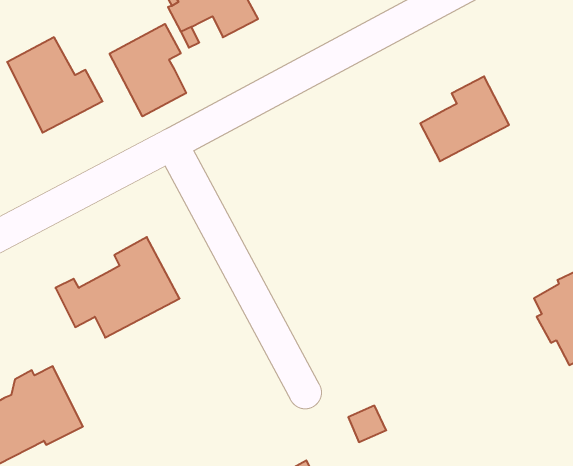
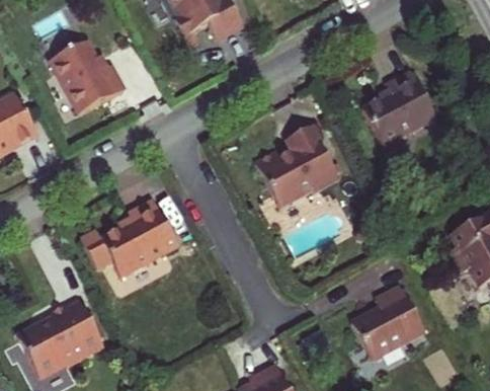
building: [110,24,186,116] -> none
building: none -> [255,123,339,206]
building: none -> [354,294,428,368]

